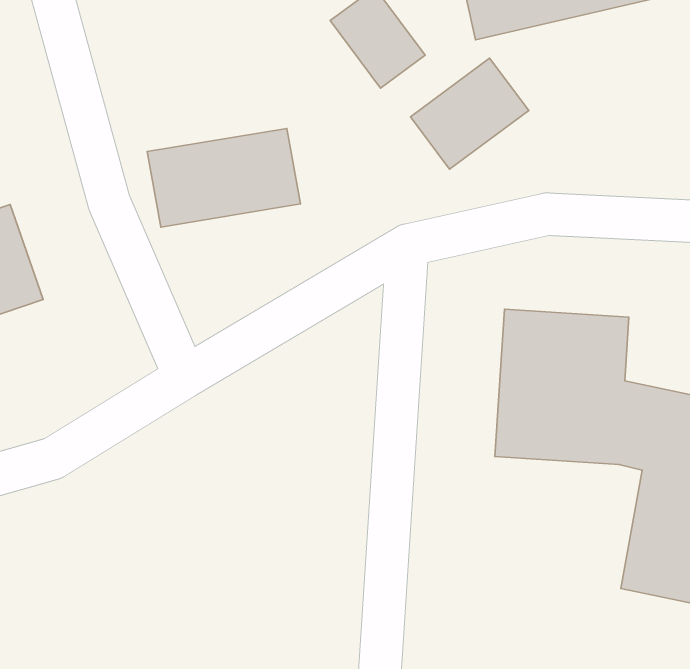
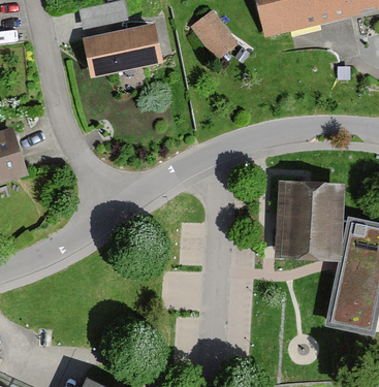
building: [410,58,529,169] -> none
building: [147,128,300,227] -> [81,25,162,77]

